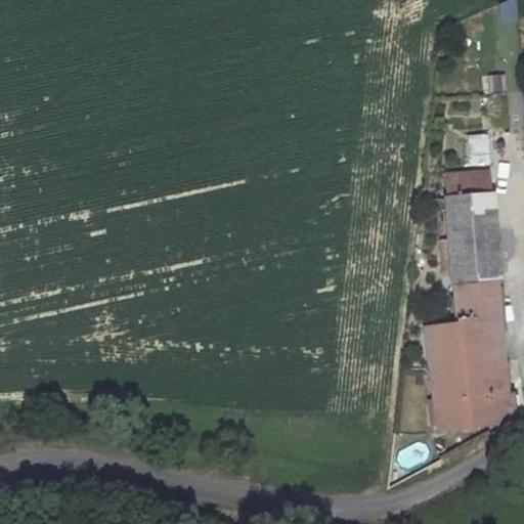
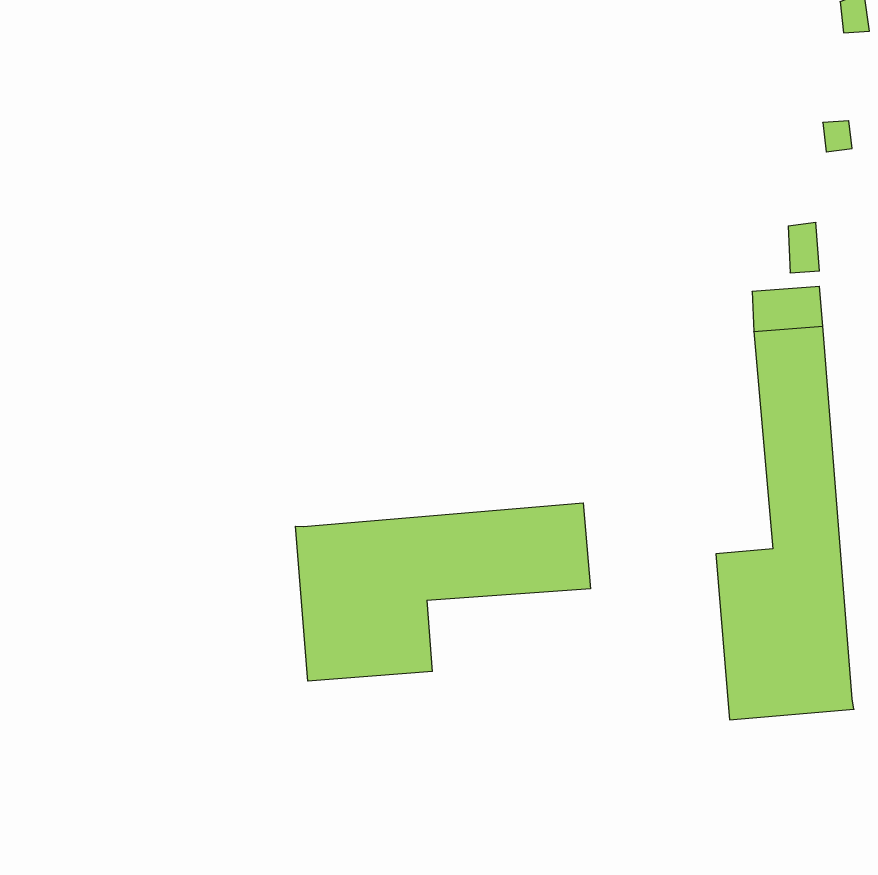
building: none -> [296,503,590,681]

